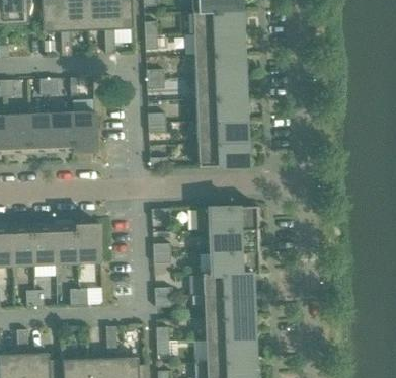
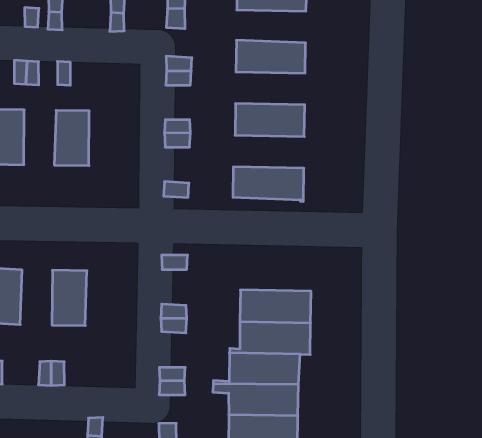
building: [193,31,243,55] -> none
building: [195,75,245,99] -> none
building: [49,111,72,151] -> none
building: [197,120,247,144] -> none
building: [195,205,257,230] -> none
building: [54,224,77,263] -> none

